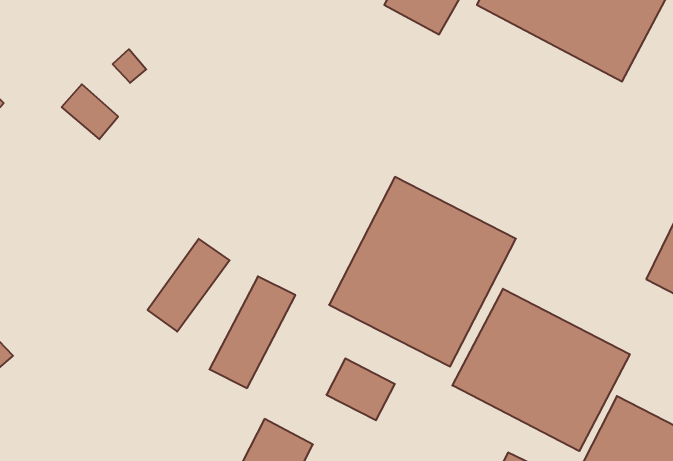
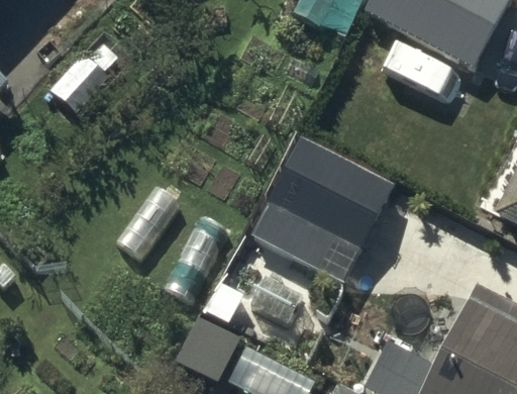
building: [452,289,630,451] -> none

